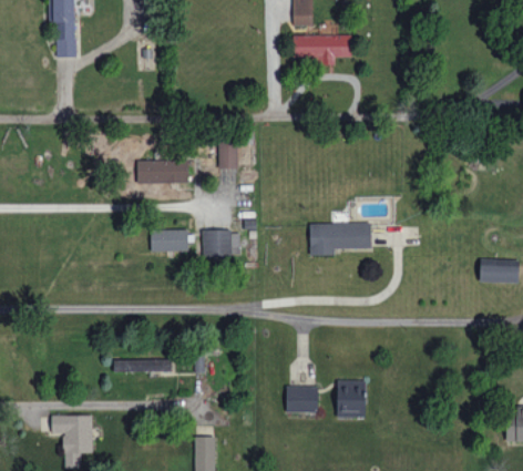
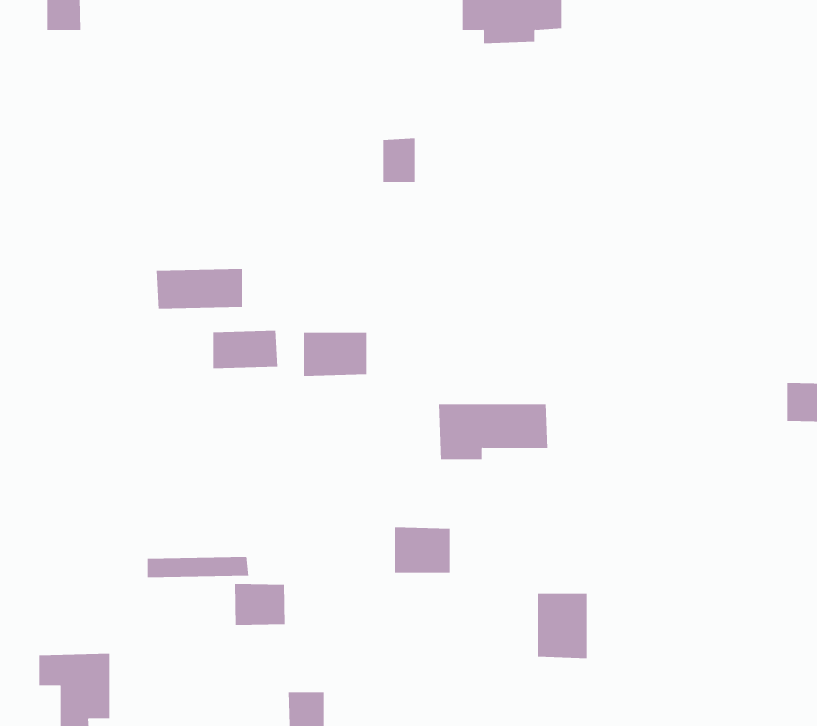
building: [218,142,237,167] -> [383,138,415,182]
building: [139,160,188,183] -> [156,269,243,309]
building: [309,223,372,255] -> [438,404,548,460]
building: none -> [235,583,285,626]
building: [286,386,318,412] -> [394,527,450,573]

